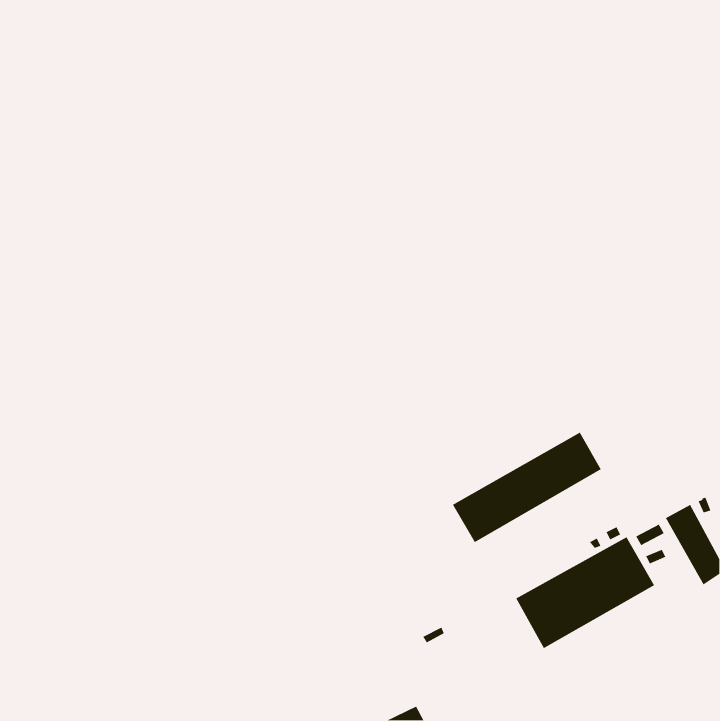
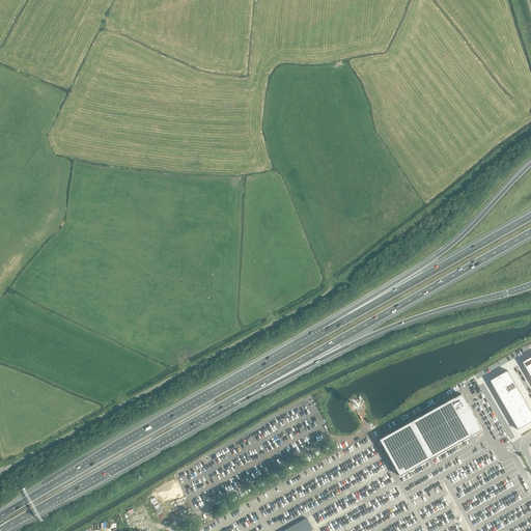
building: [452,431,602,543] -> none

